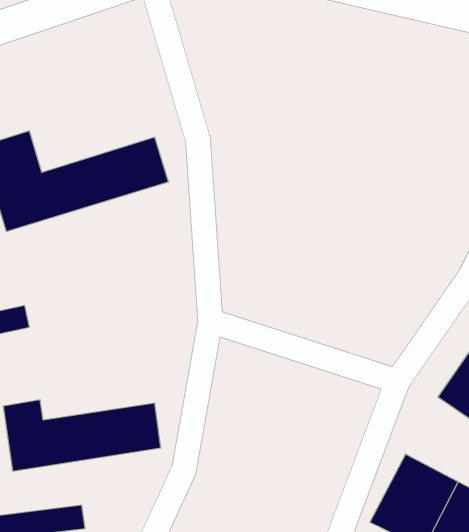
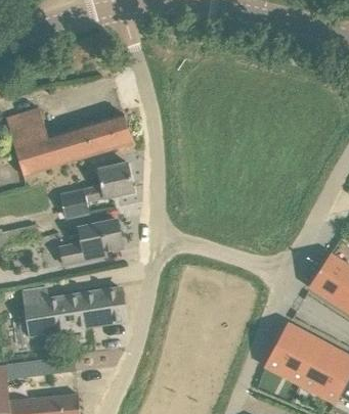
building: none -> [59,163,133,219]
building: none -> [59,219,122,267]

